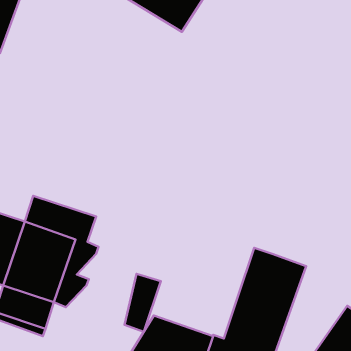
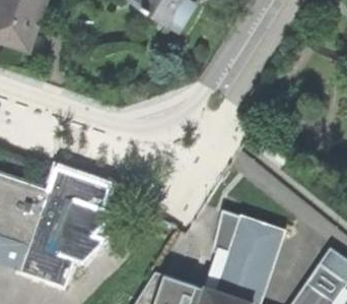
building: [125,274,161,332] -> [209,208,239,257]

